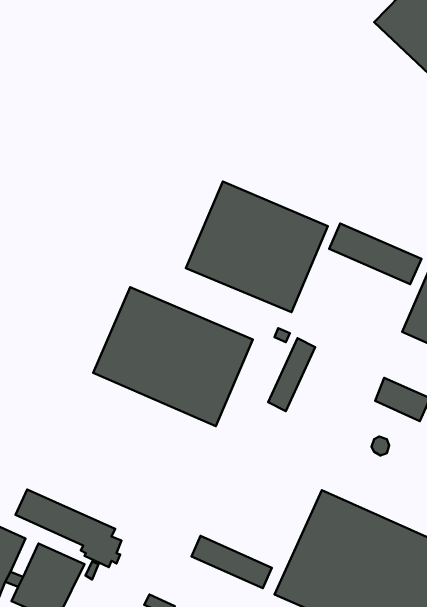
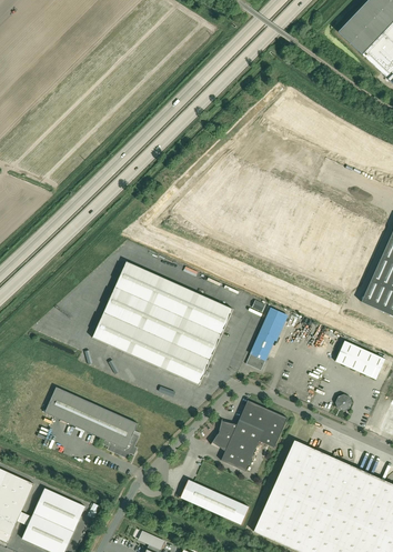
building: [186,181,328,312] -> none
building: [329,224,421,284] -> none
building: none -> [210,400,286,471]
building: [16,489,122,567] -> [47,390,139,458]

